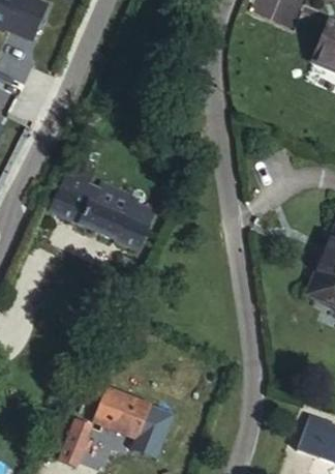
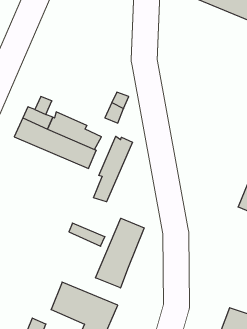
building: none -> [94,136,133,202]
building: none -> [96,218,144,288]

